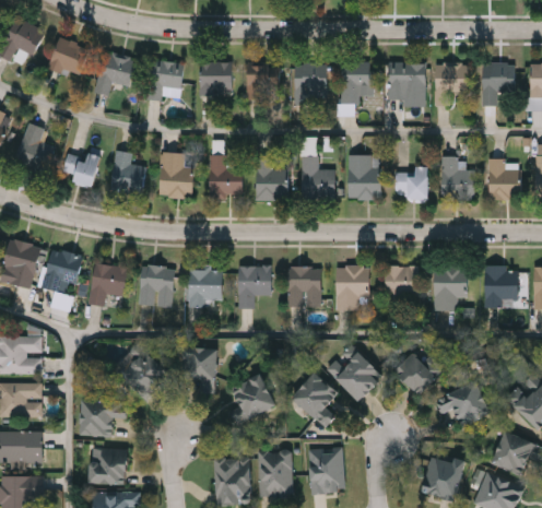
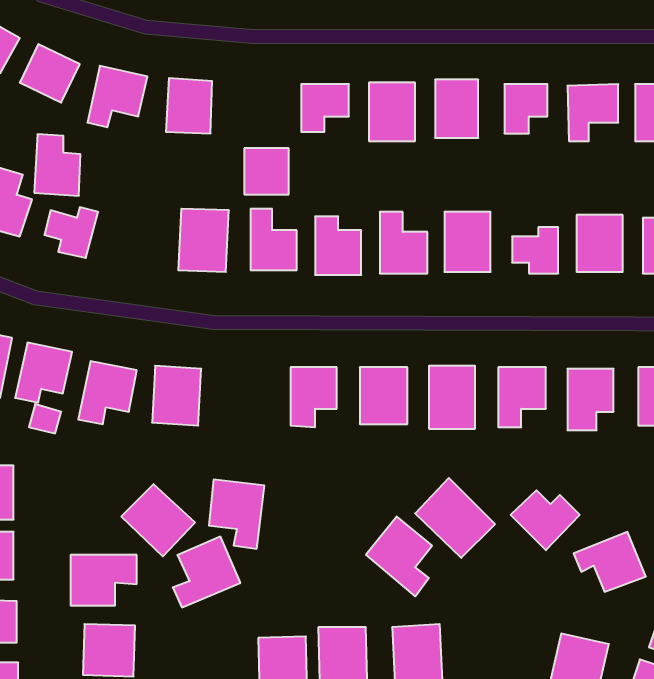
building: [199,61,231,94] -> [244,148,289,194]
building: [110,151,143,194] -> [34,134,80,196]
building: [187,265,221,307] -> none
building: [227,374,275,424] -> [173,537,240,607]

